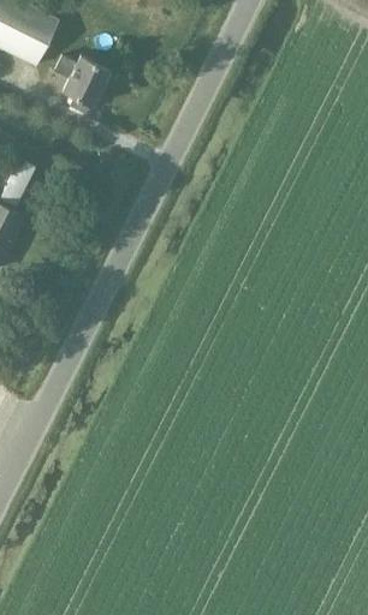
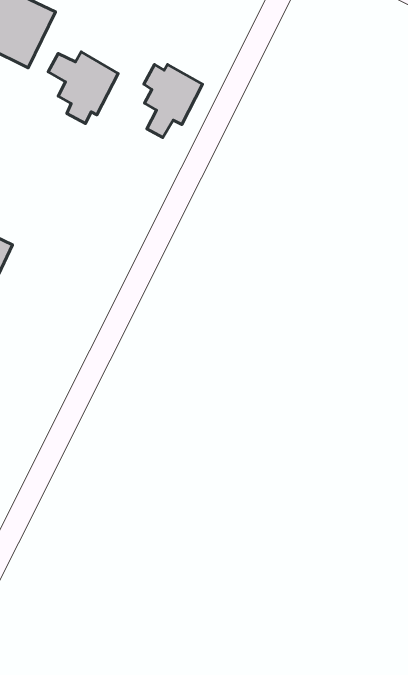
building: none -> [144,64,202,138]

